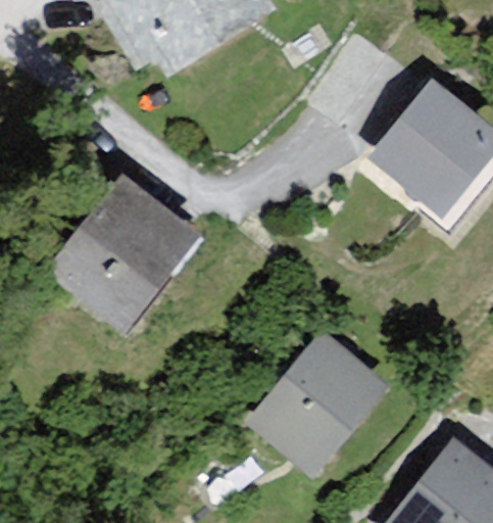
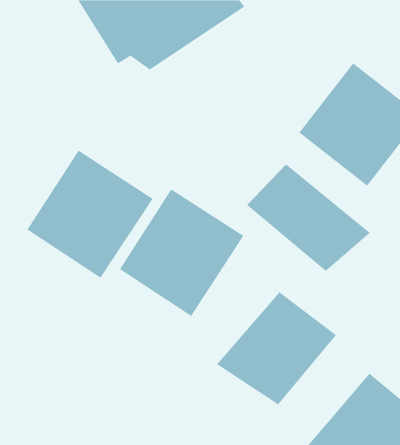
building: none -> [246,164,371,272]
building: none -> [119,189,244,317]

